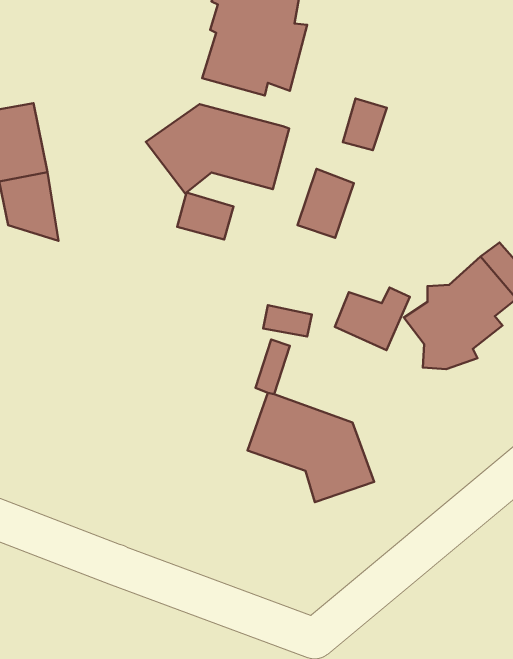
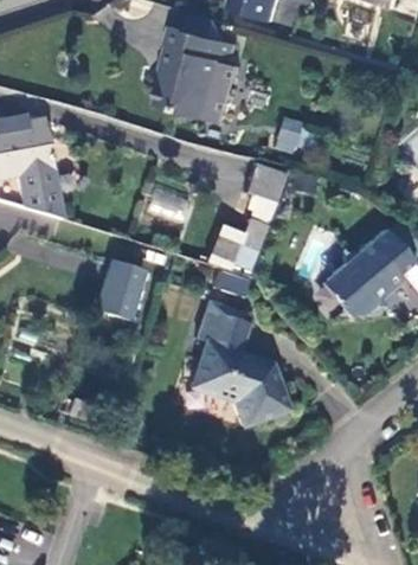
building: [146,104,289,194] -> none
building: none -> [104,255,150,314]
building: [335,288,410,350] -> [204,225,261,272]

